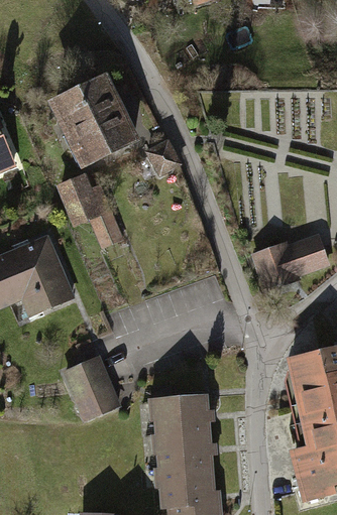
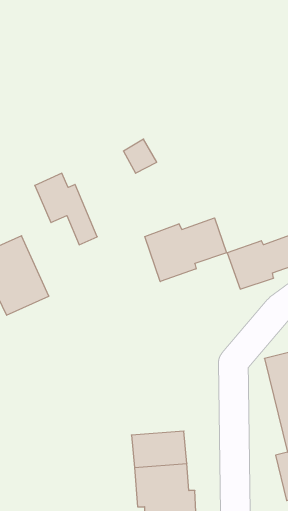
building: [53,78,135,166] -> none
building: none -> [145,218,227,282]
building: [61,356,118,420] -> none
building: [151,384,208,436] -> none

